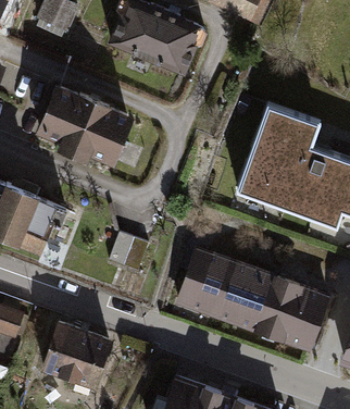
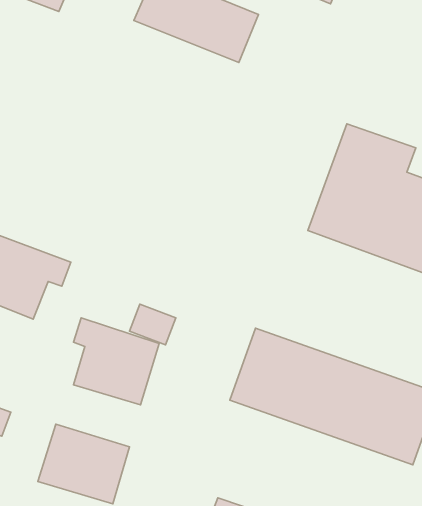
building: [36,86,130,160] -> none
building: none -> [73,318,159,405]

